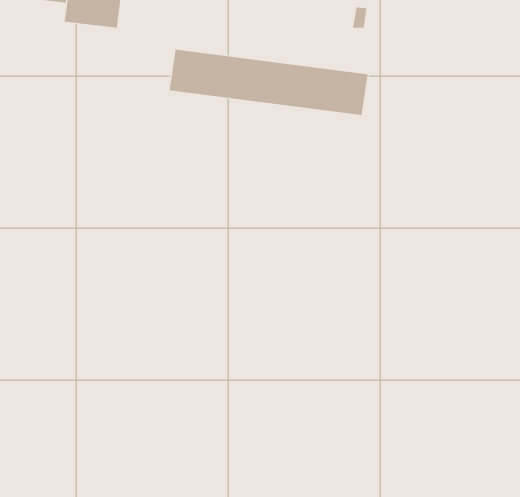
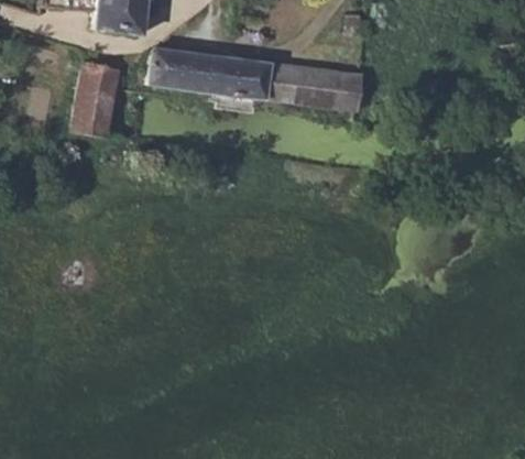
building: none -> [147,48,194,89]
building: none -> [74,63,122,135]

